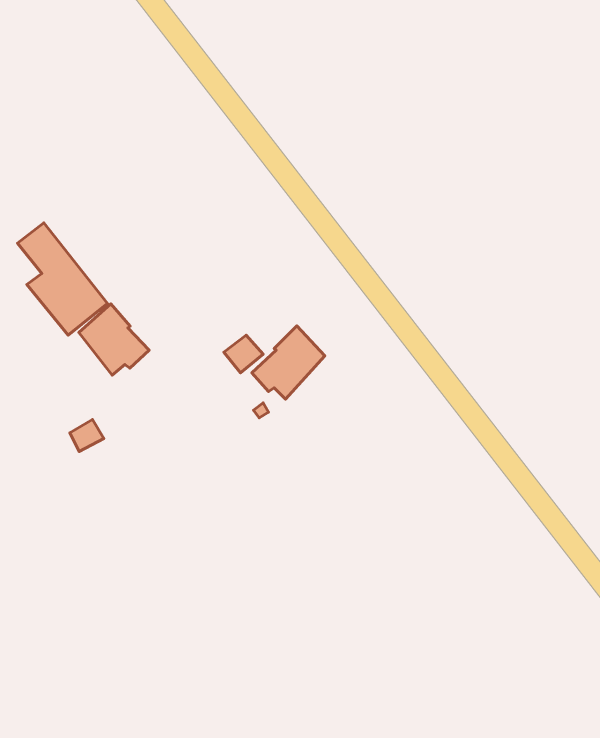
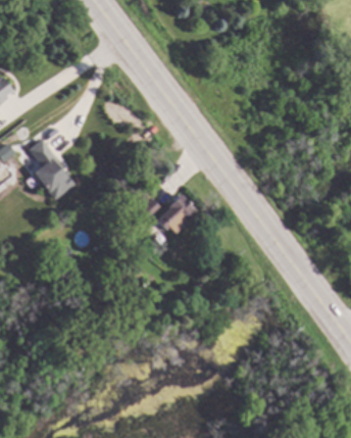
building: [79,304,149,375] -> none

